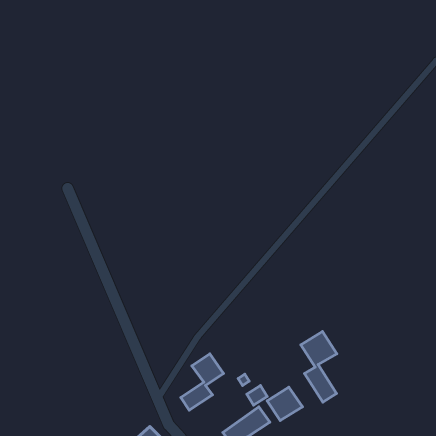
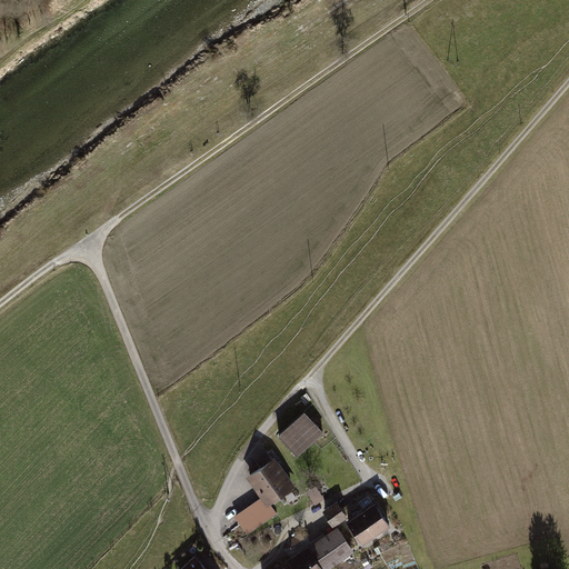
building: none -> [276,413,322,460]
building: [301,331,337,402] -> none

